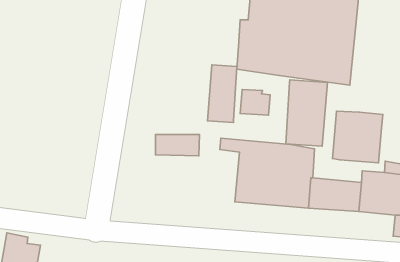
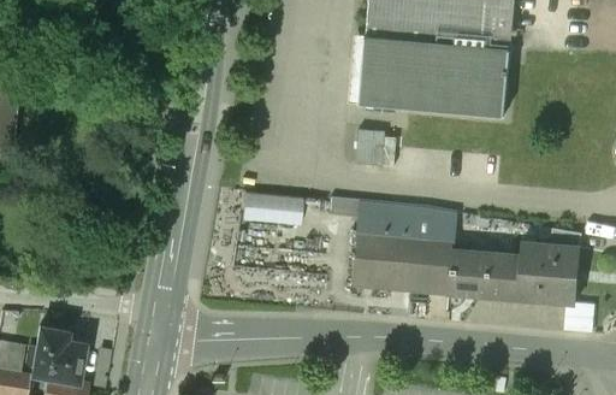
building: [207,65,237,122] -> none
building: [286,80,327,146] -> none
building: [332,111,383,163] -> none

